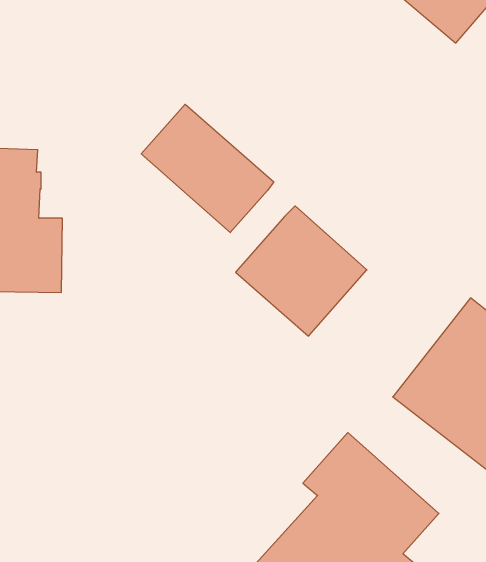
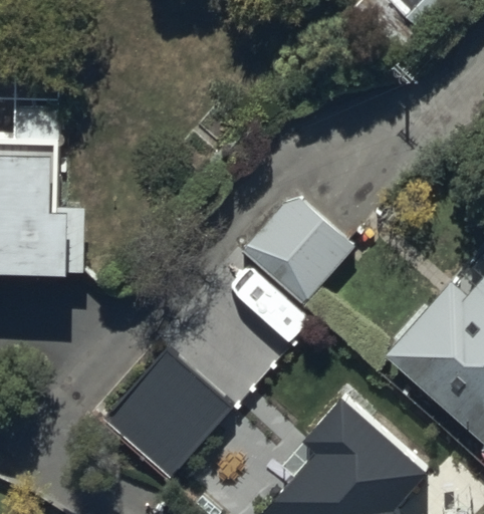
building: [141,104,274,233] -> none
building: none -> [104,348,234,478]

